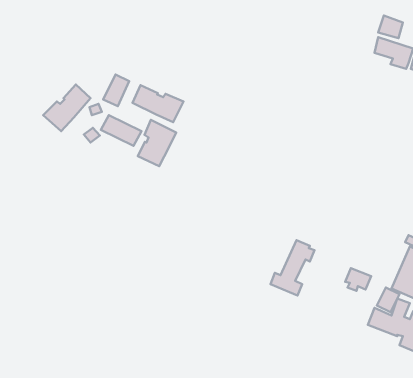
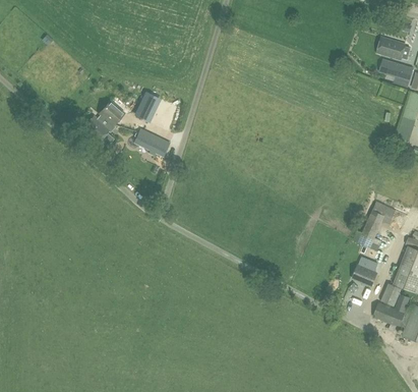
building: [133,85,184,122] -> none
building: [138,120,176,166] -> none
building: [270,240,315,296] -> [352,201,392,250]

